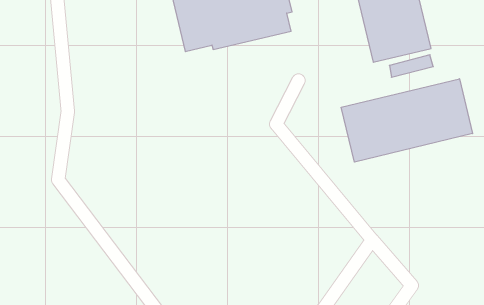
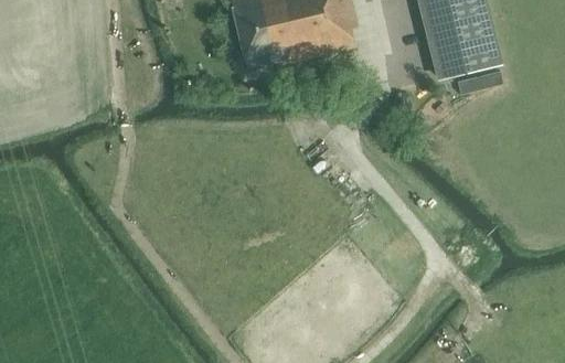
building: [341,79,473,162] -> none

